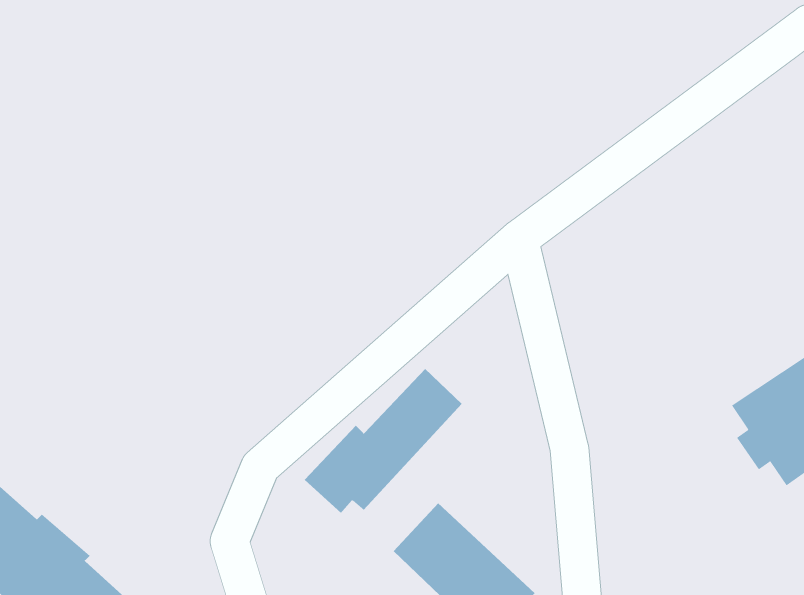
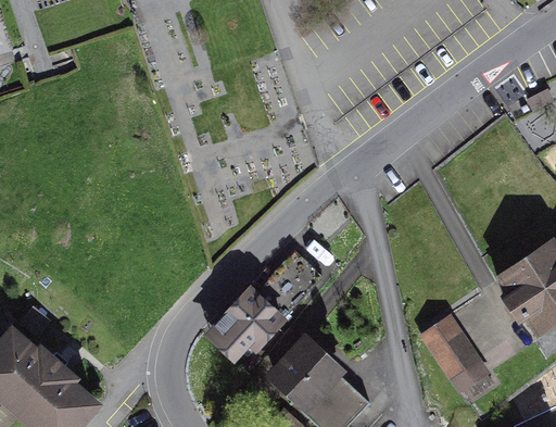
building: none -> [424,318,494,400]

